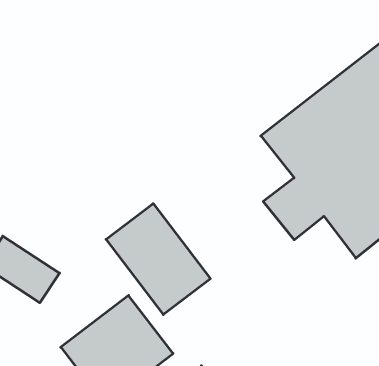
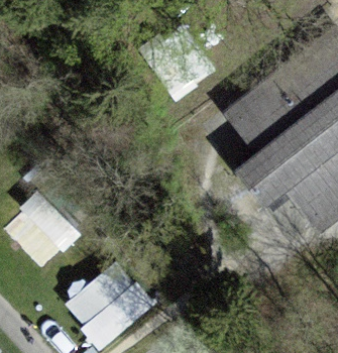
building: [106,204,210,315] -> none

